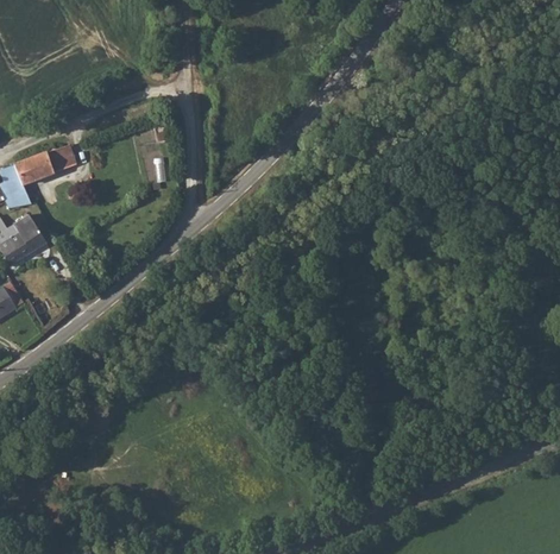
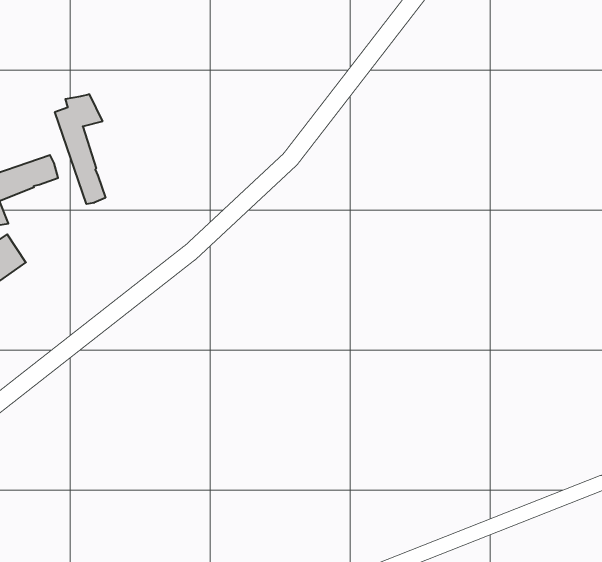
building: none -> [55,94,105,204]

